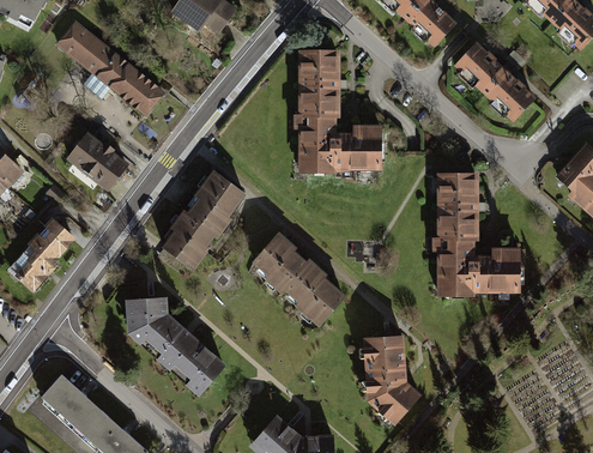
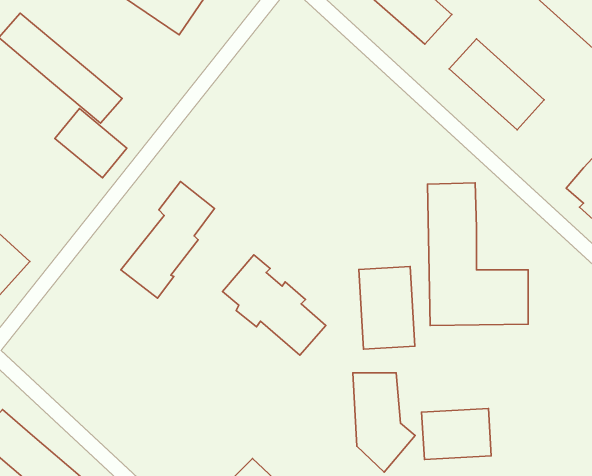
building: [295,50,385,175] -> none
building: [68,129,132,191] -> [55,109,127,178]
building: none -> [359,267,415,349]
building: [127,297,226,395] -> none
building: none -> [422,409,491,459]

